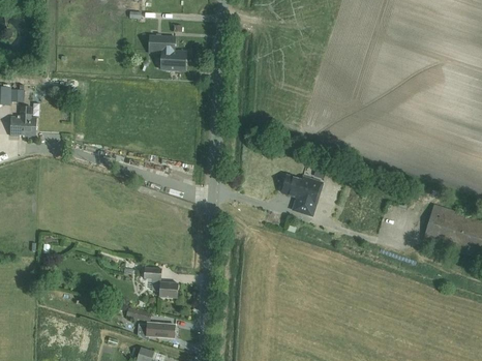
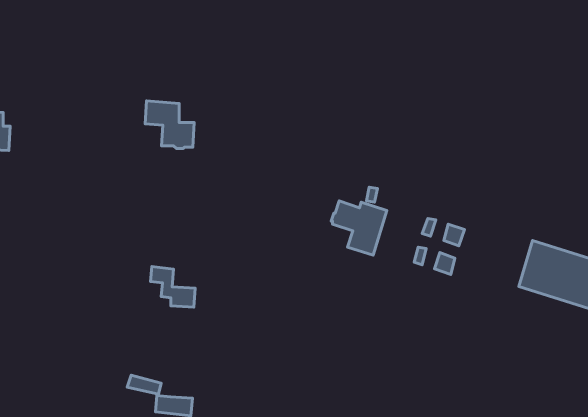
building: [148,34,185,70] -> [145,101,194,148]
building: [143,266,177,297] -> [150,267,195,307]

